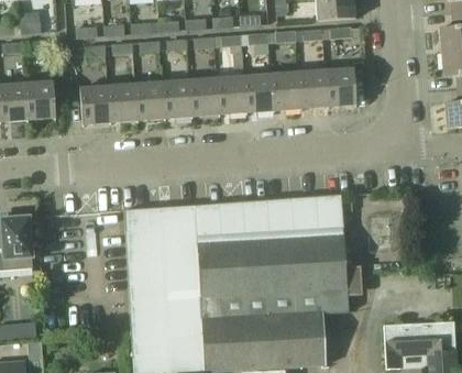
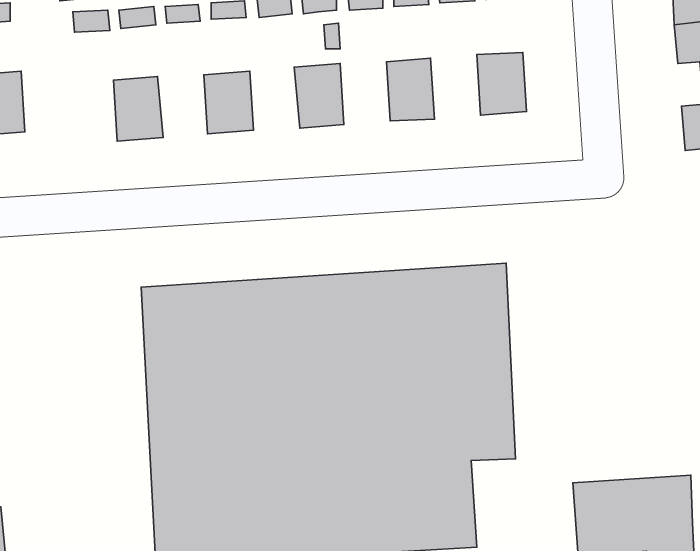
building: [297,70,327,109] -> none
building: [243,75,273,112] -> none
building: [189,78,219,116] -> none
building: [134,83,164,120] -> none
building: [80,86,110,123] -> none

